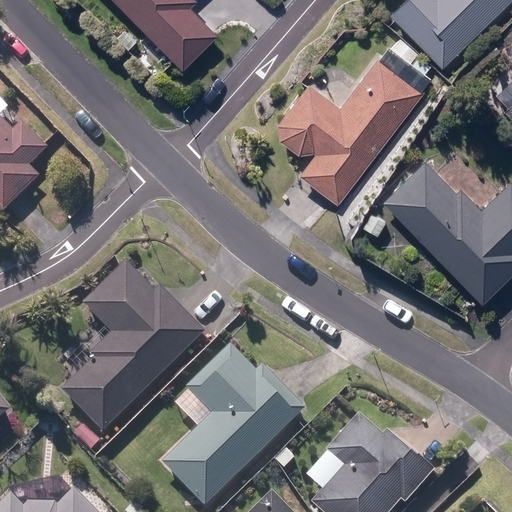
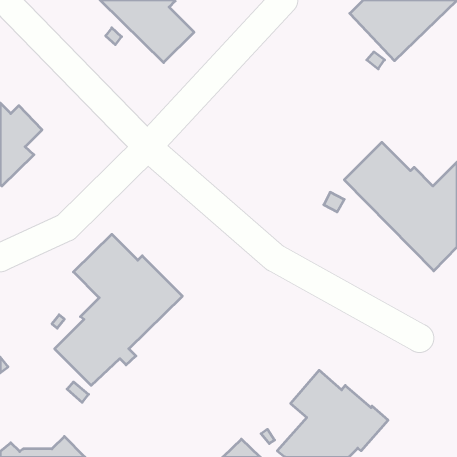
building: [276,58,424,204] -> none
building: [166,343,304,502] -> none

